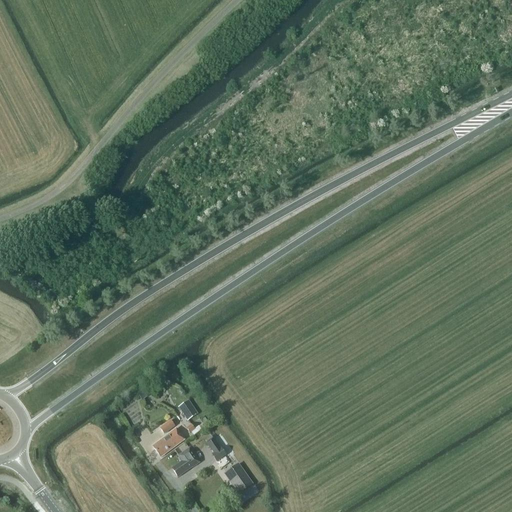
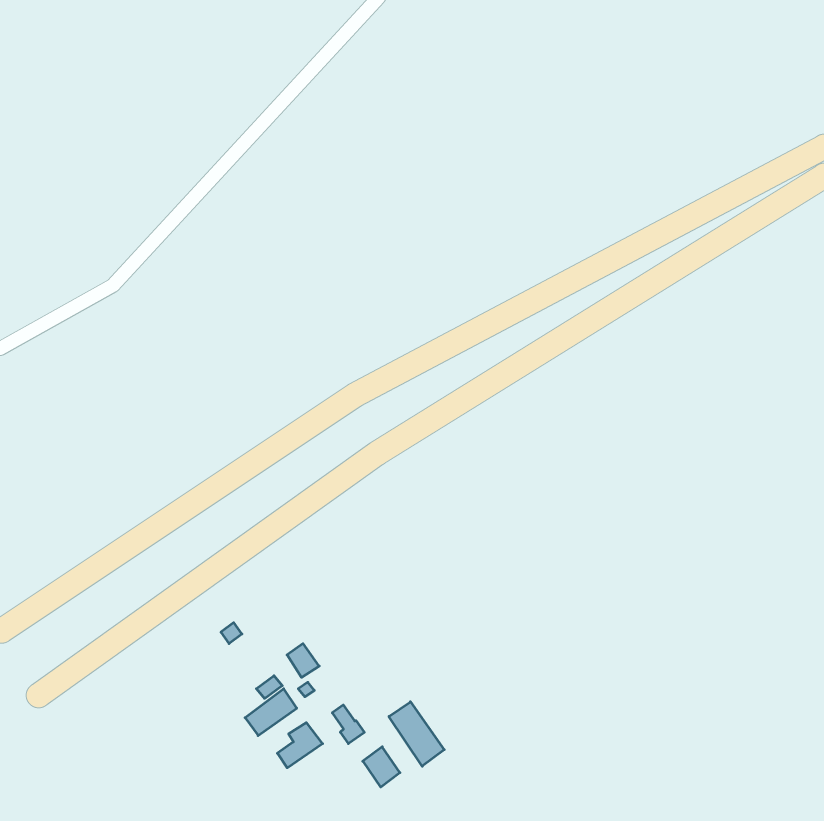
building: none -> [389,702,444,766]

